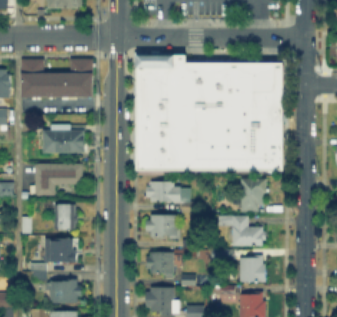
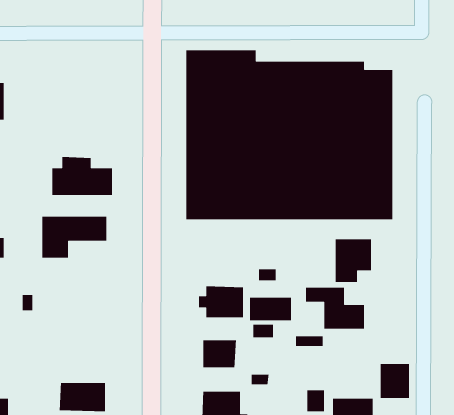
building: [22,59,94,98] -> none
building: [149,183,179,200] -> [249,297,292,321]
building: [54,205,78,230] -> none
building: [31,240,75,279] -> none
building: [243,257,264,282] -> [380,363,410,399]

